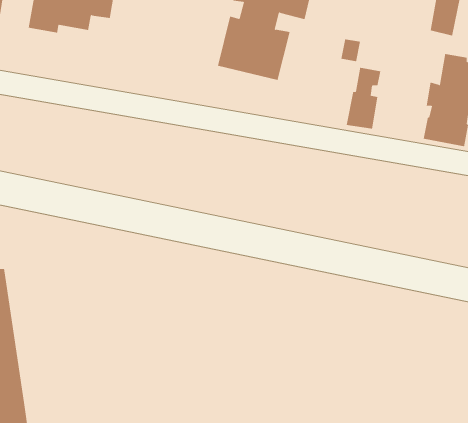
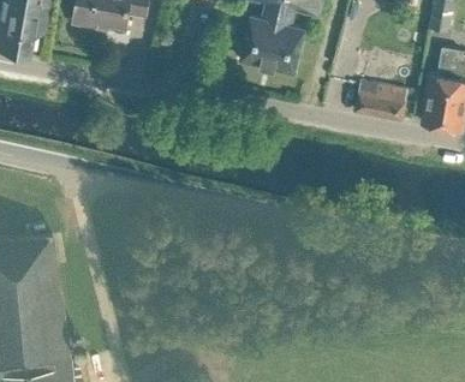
building: none -> [377,88,406,121]

